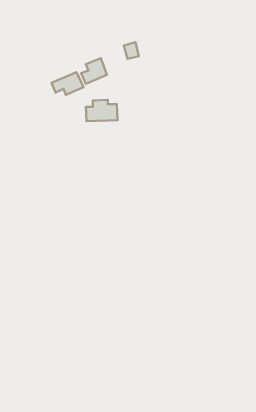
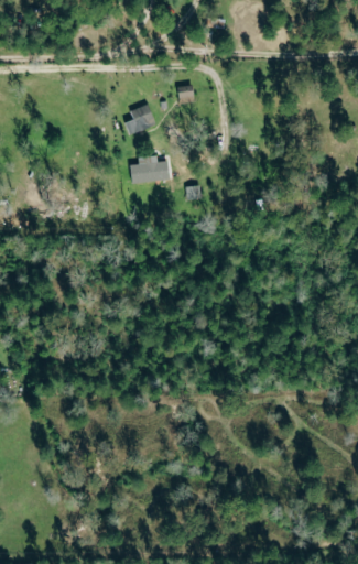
building: [51,72,84,95] -> none

